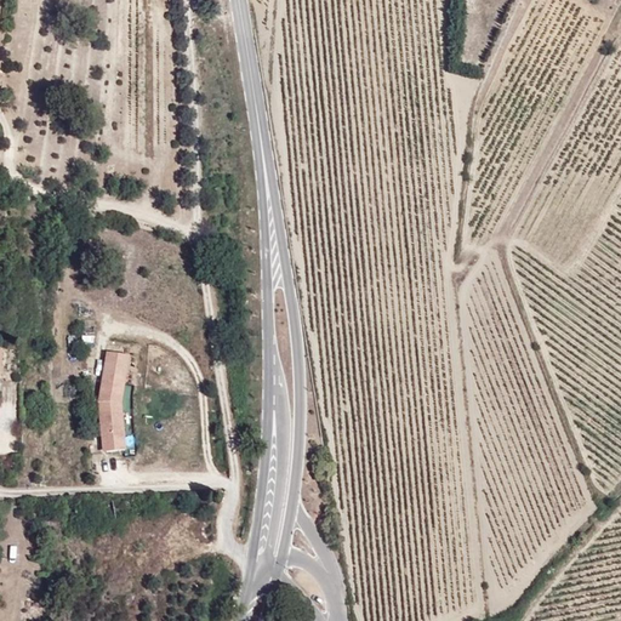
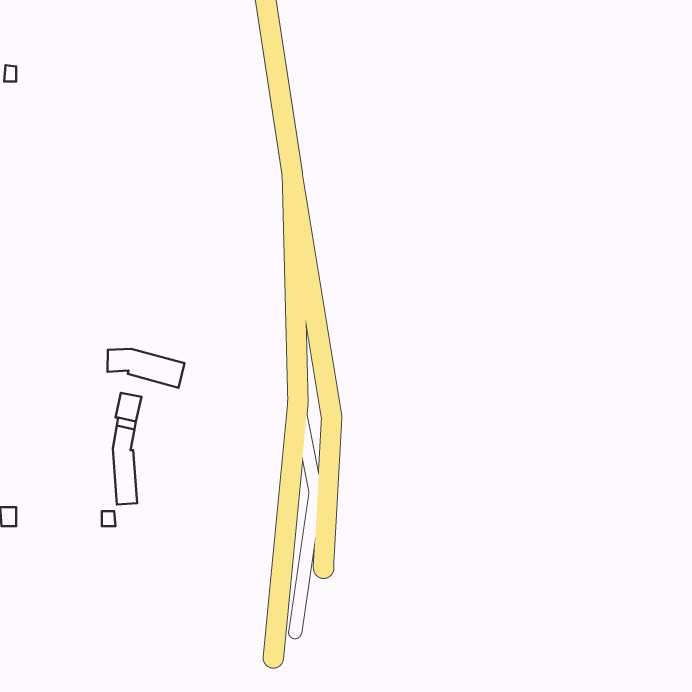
building: none -> [108,349,185,388]

